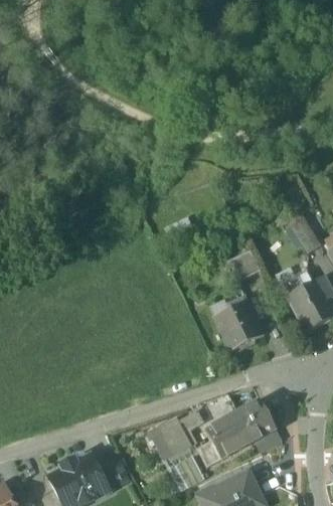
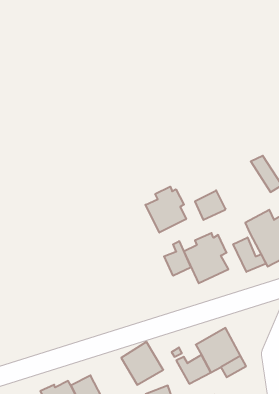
building: none -> [145,187,186,233]
building: none -> [233,237,266,272]
building: none -> [164,241,191,276]

